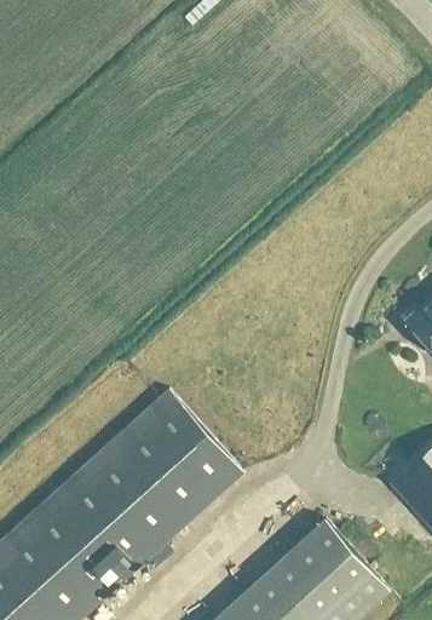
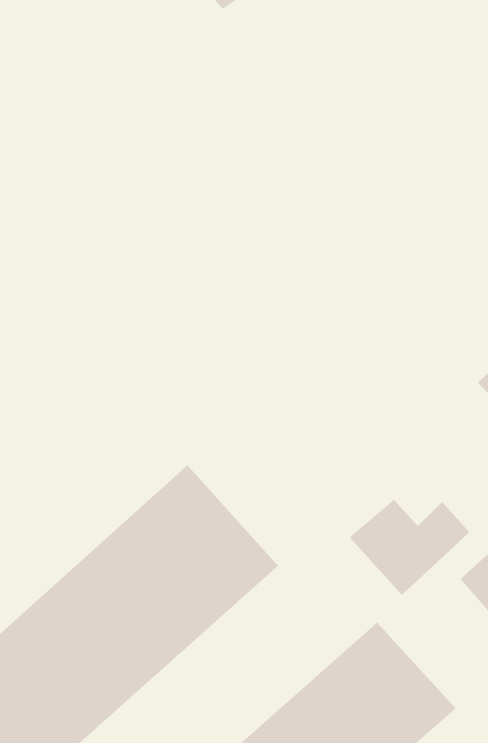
building: none -> [349,499,470,596]

